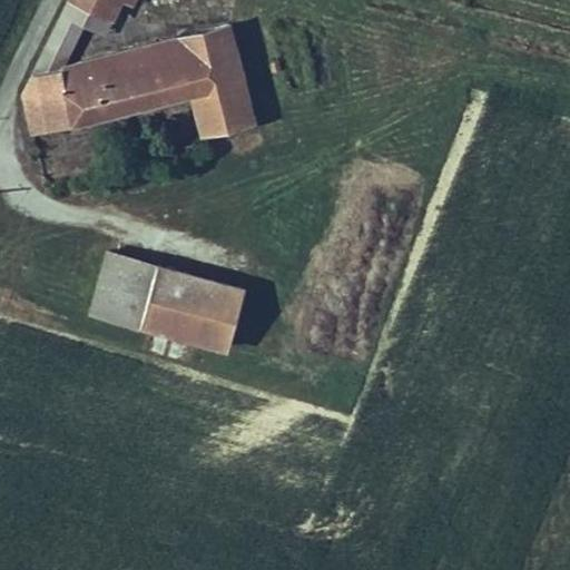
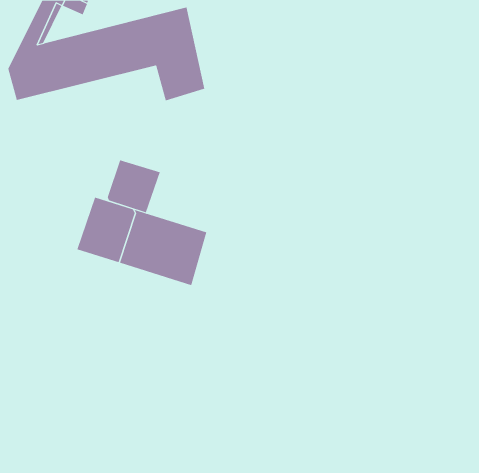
building: none -> [107,160,160,213]

